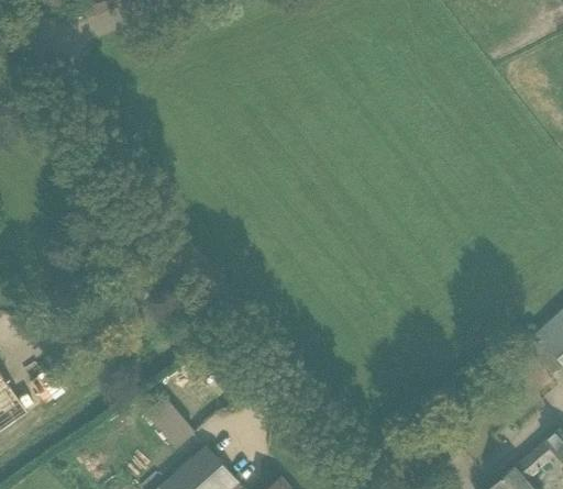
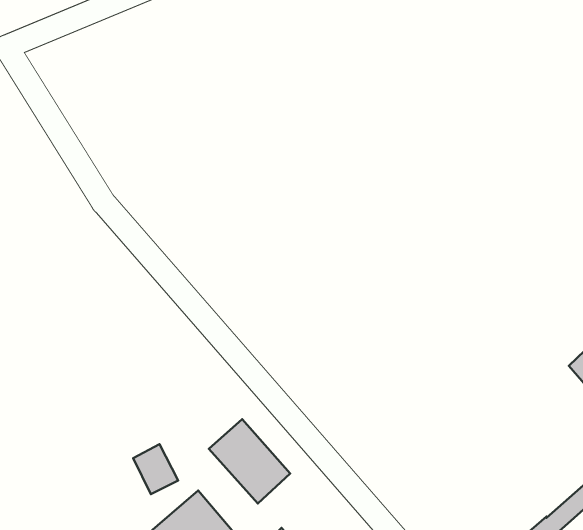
building: none -> [209,419,290,503]

